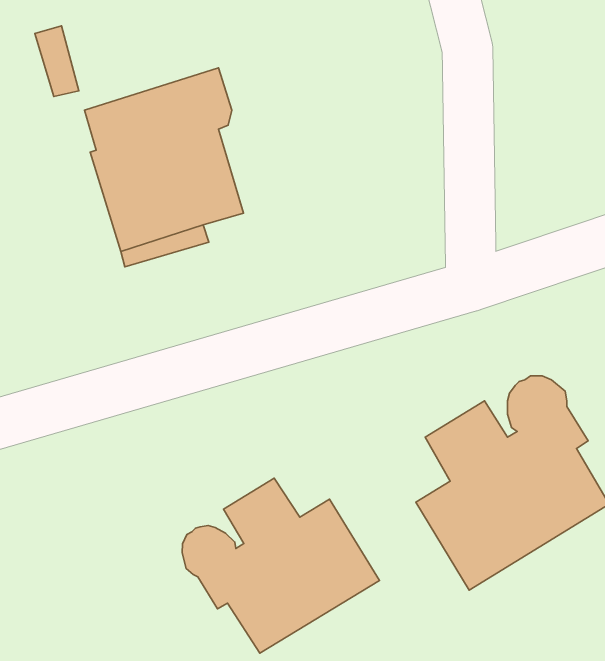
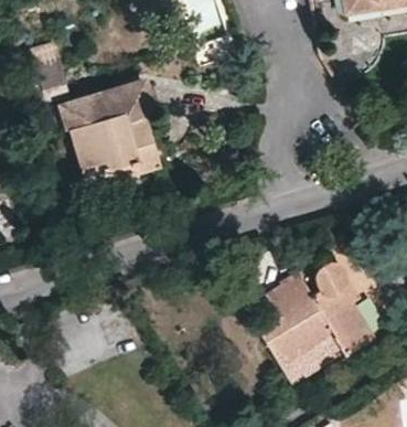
building: [182,478,379,653] -> none

